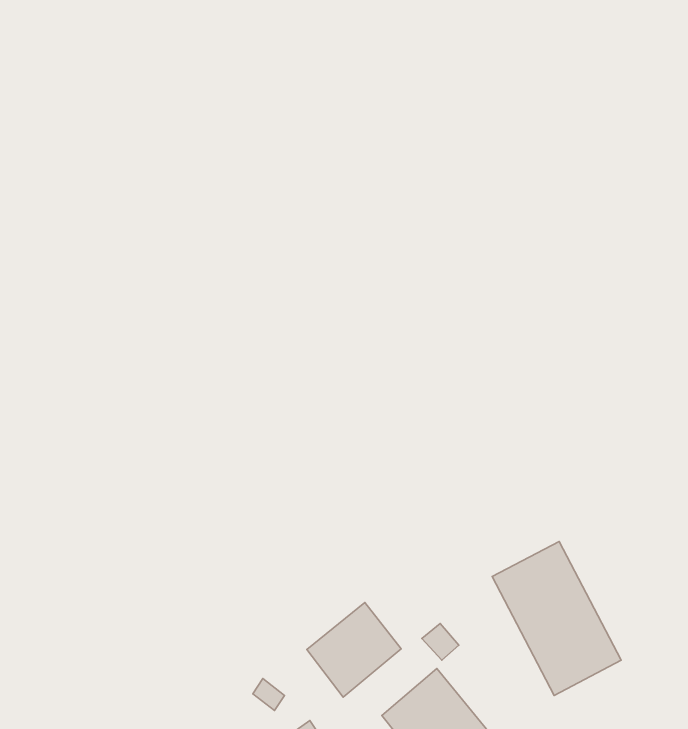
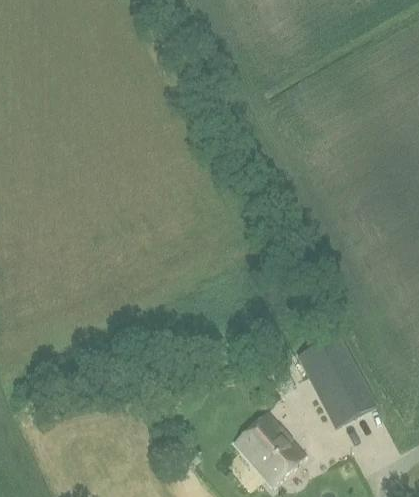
building: [307,602,401,697] -> none

